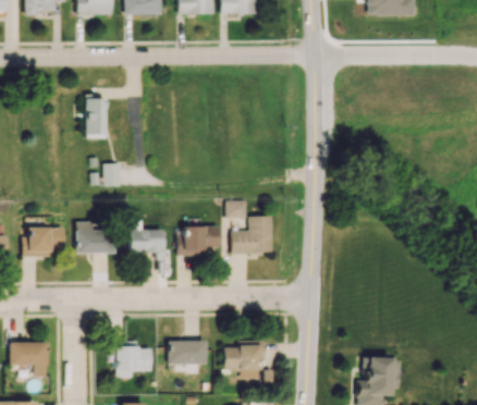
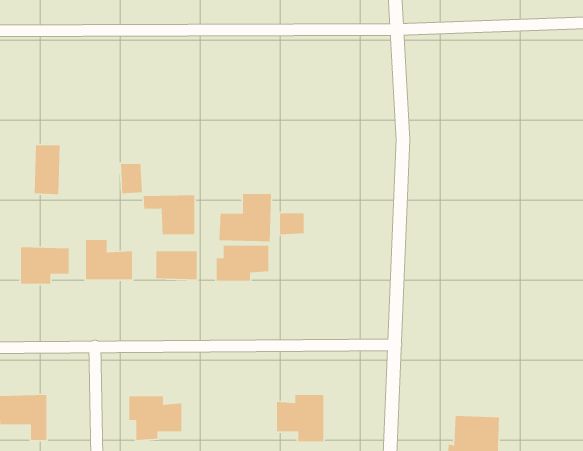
building: [86,98,107,137] -> [34,145,60,195]
building: none -> [143,194,195,235]
building: [232,216,273,254] -> [218,193,272,242]
building: [169,340,207,363] -> none

